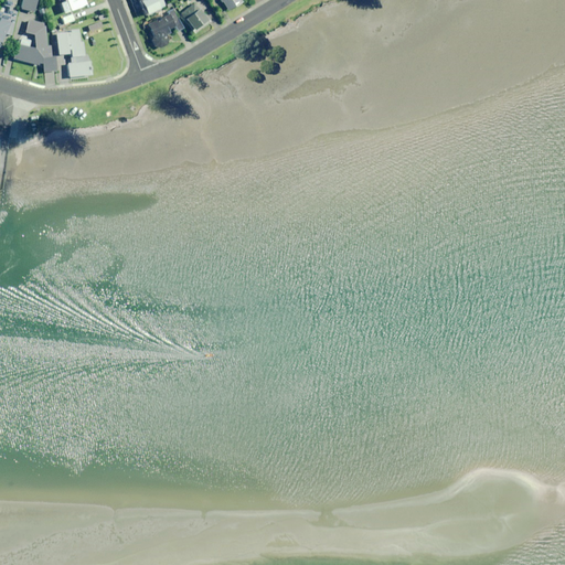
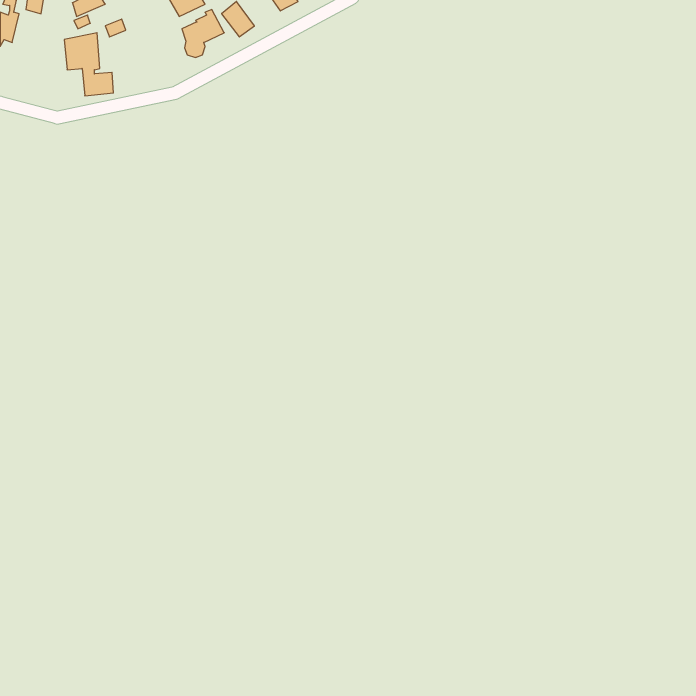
building: [15,19,56,71] -> none

